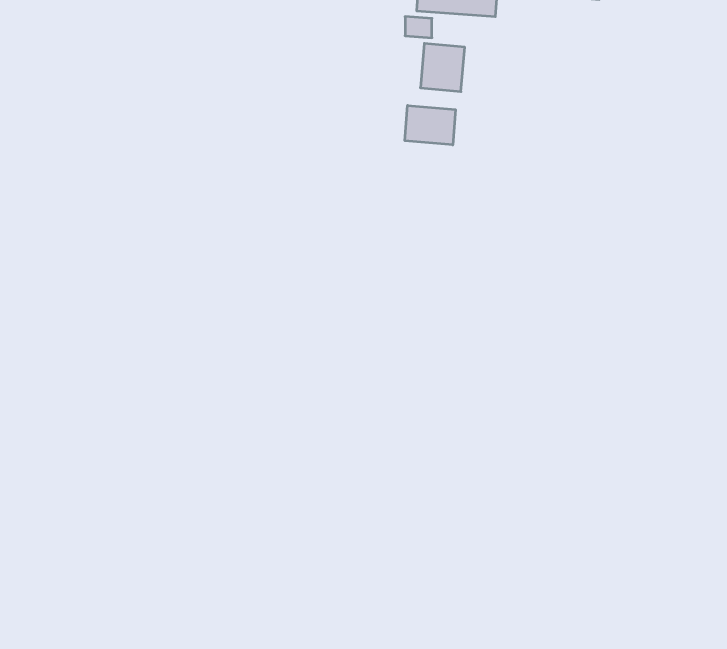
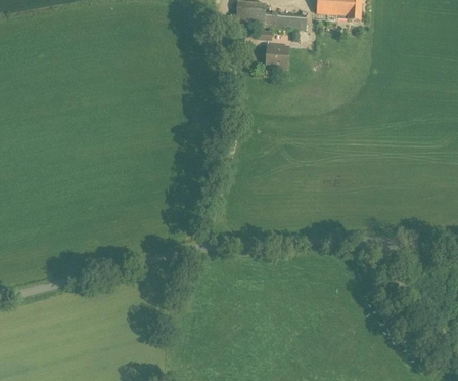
building: [405,105,455,145] -> none

